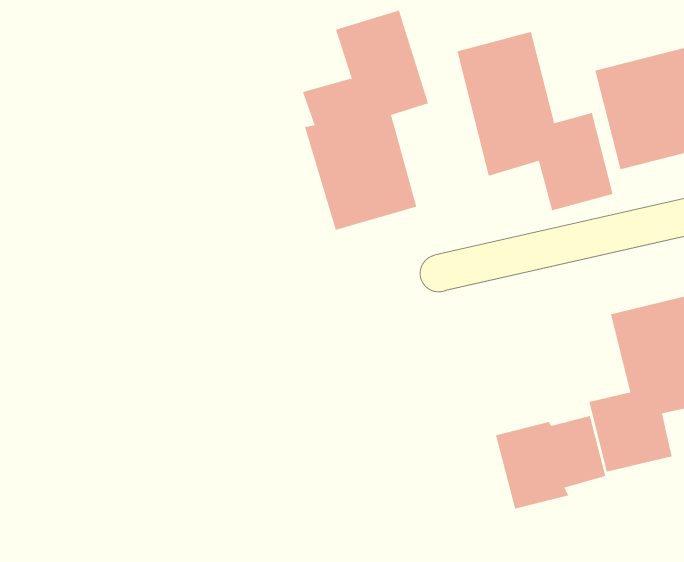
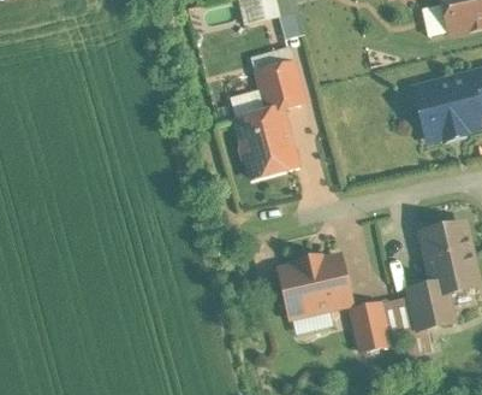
building: [457,31,613,211] -> none
building: none -> [278,252,353,319]

